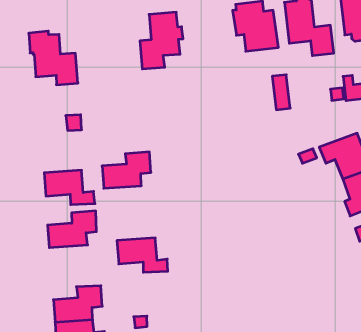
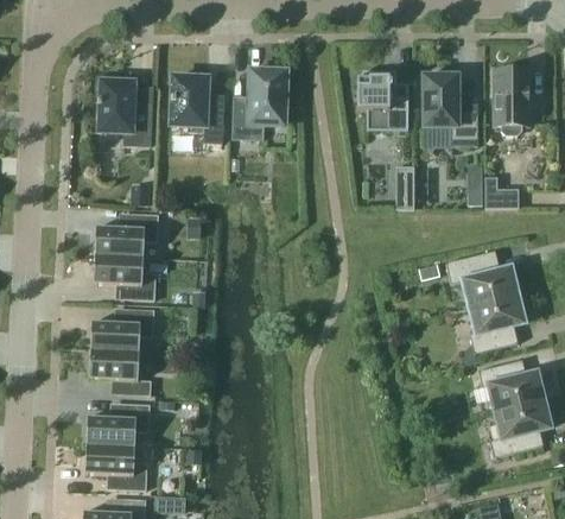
building: none -> [169,72,223,144]
building: [102,152,151,188] -> [95,214,158,257]
building: [117,238,168,272] -> [89,349,151,395]

